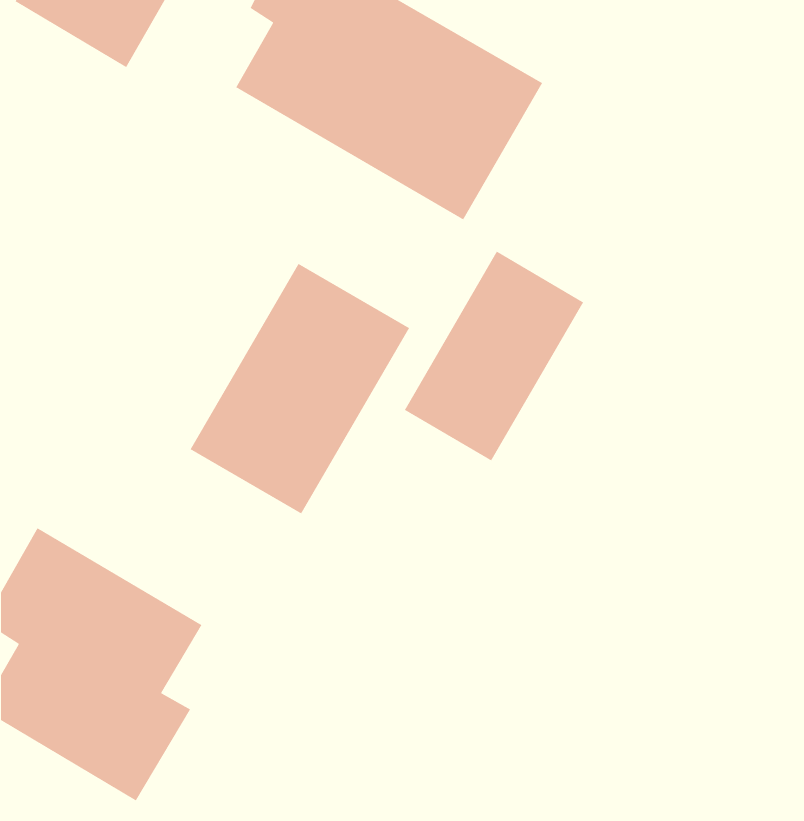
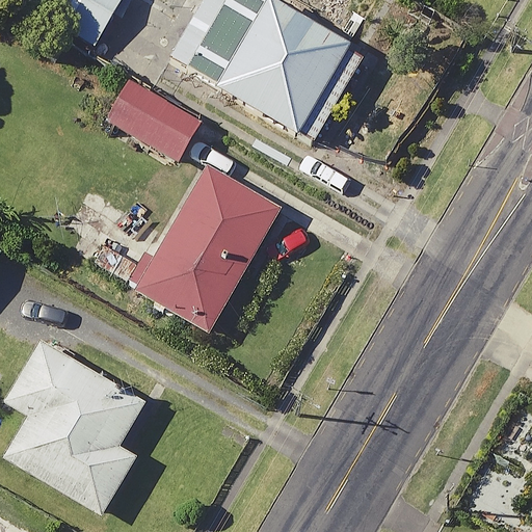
building: none -> [105,79,201,158]
building: [404,251,584,461] -> none

